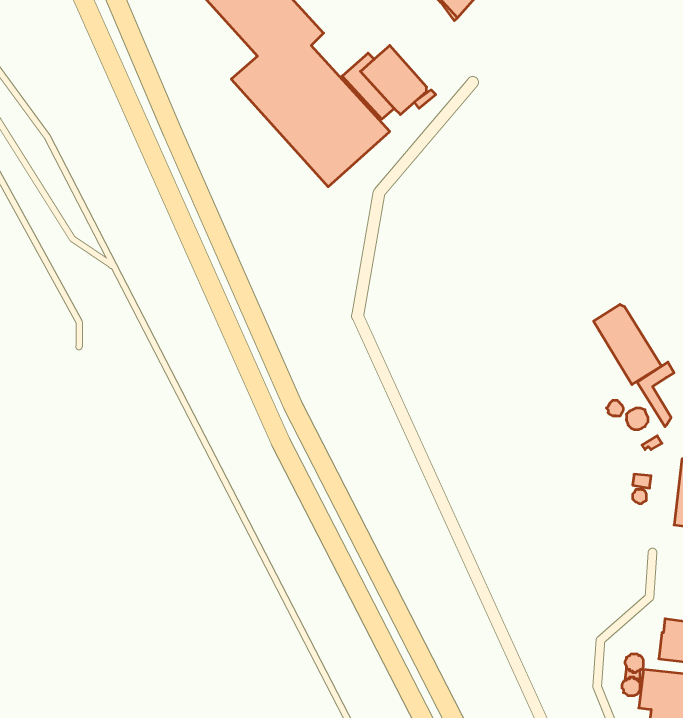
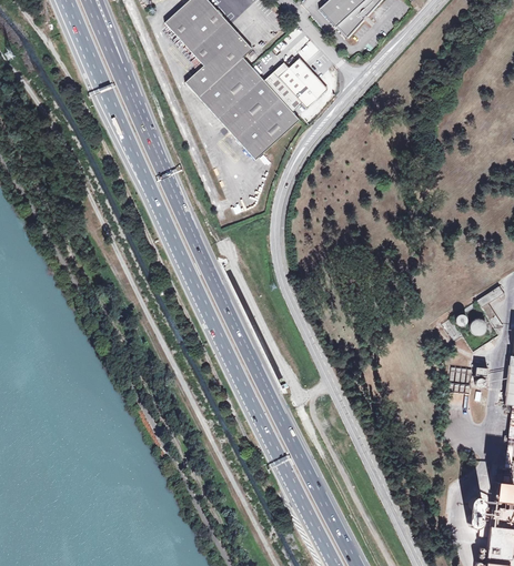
building: [594,304,662,385] -> none

